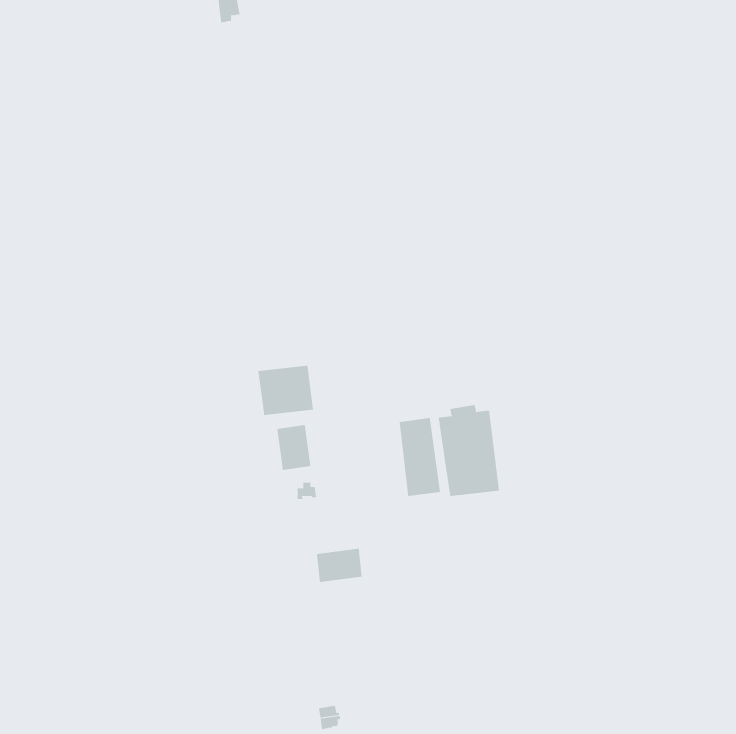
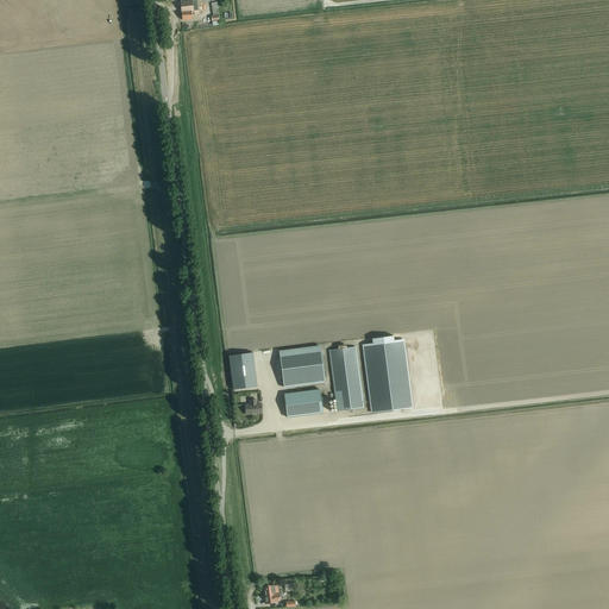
building: [258,365,314,416] -> [278,345,325,387]
building: [316,548,362,583] -> [284,388,322,416]

